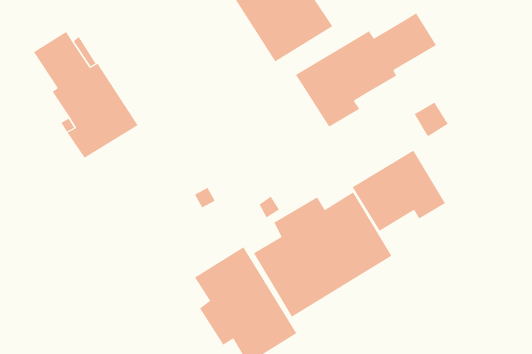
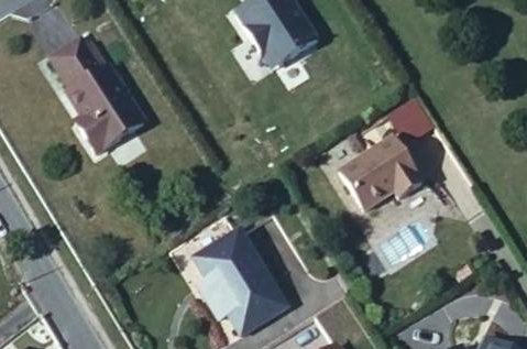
building: [295,13,437,127] -> none
building: [253,192,392,317] -> none

